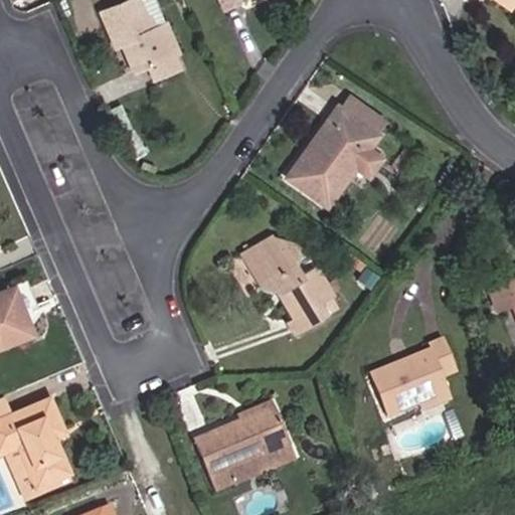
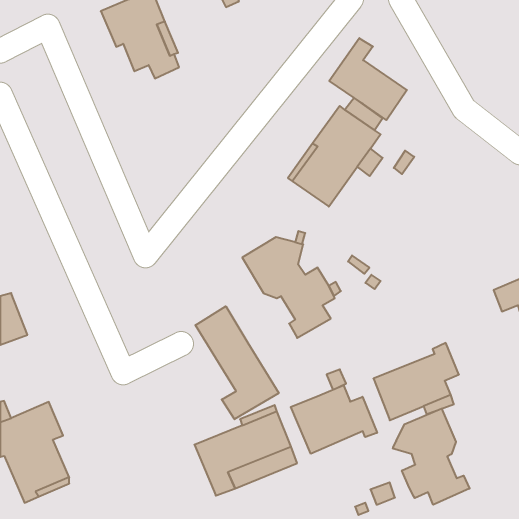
building: none -> [329,38,407,120]
building: none -> [195,306,279,419]
building: none -> [291,385,377,454]
building: none -> [393,409,470,505]

